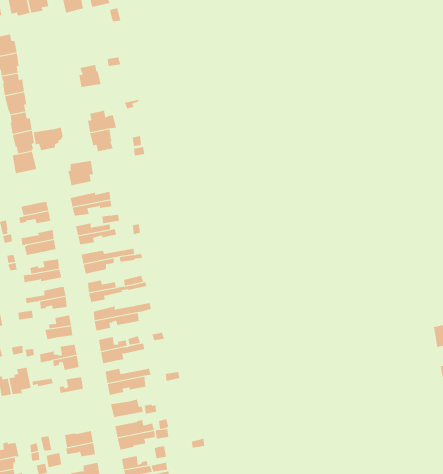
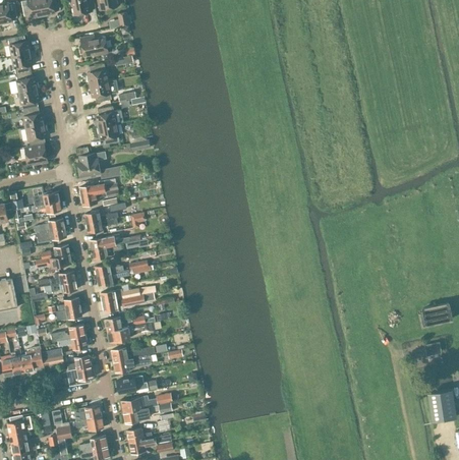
building: none -> [79,37,111,57]
building: [33,127,64,151] -> [89,80,117,103]
building: none -> [66,366,94,387]

